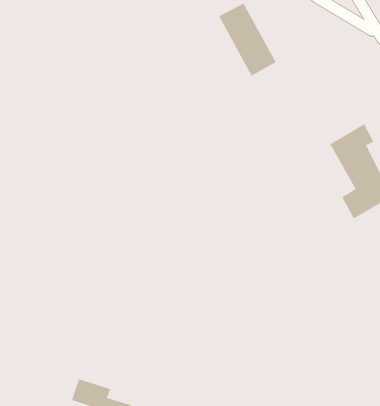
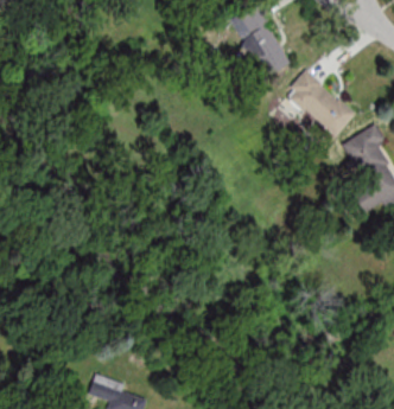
building: none -> [284,68,356,139]

